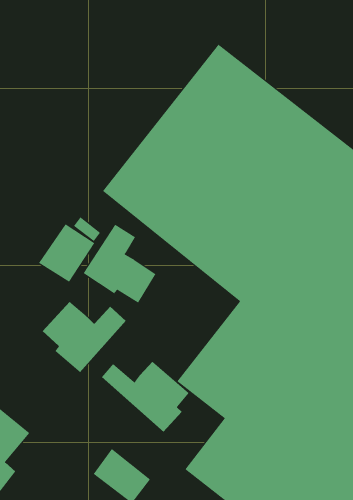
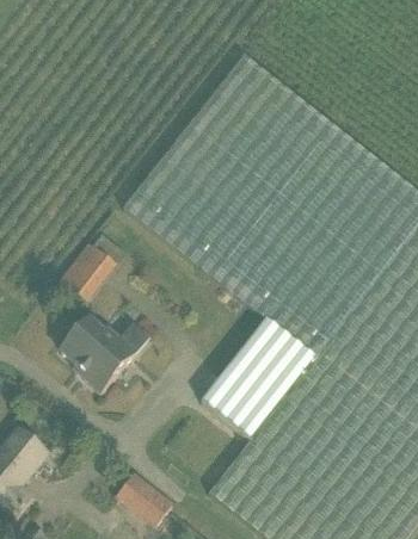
building: [83,224,156,303] -> none
building: [101,361,189,432] -> none

